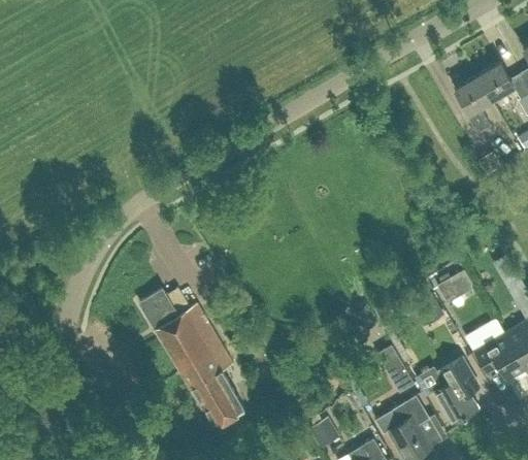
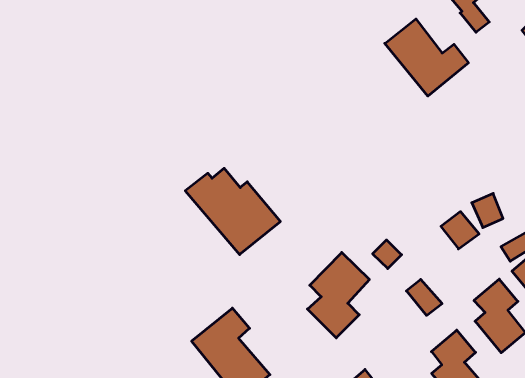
building: none -> [385,19,468,96]
building: [140,289,221,368] -> [185,168,280,255]
building: none -> [307,252,369,338]

